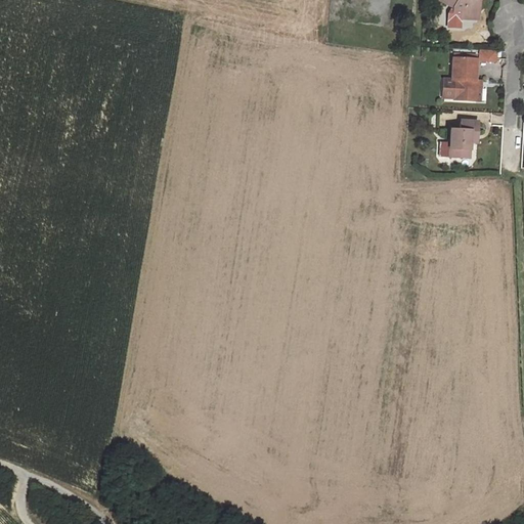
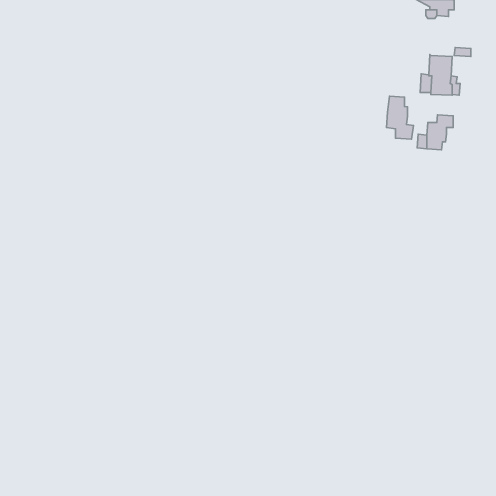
building: none -> [387,96,413,139]

